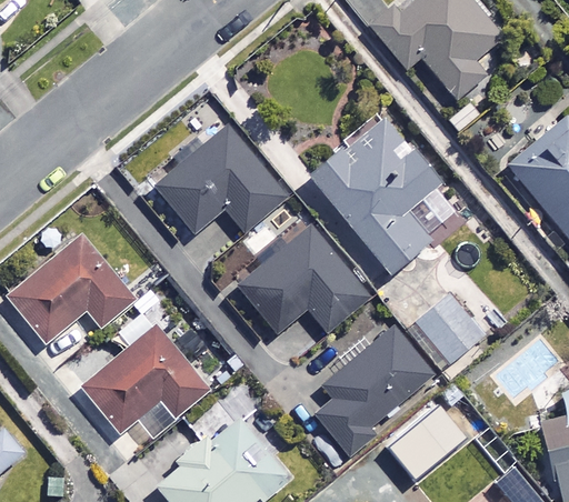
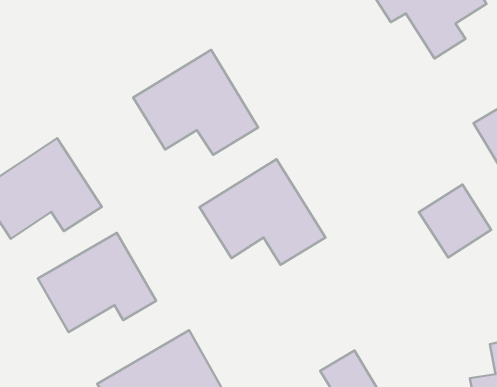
building: [306,113,438,272] -> none
building: [410,293,487,370] -> [419,185,491,257]
building: [313,325,437,453] -> none

